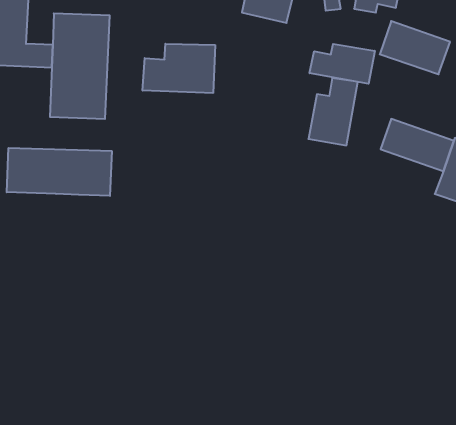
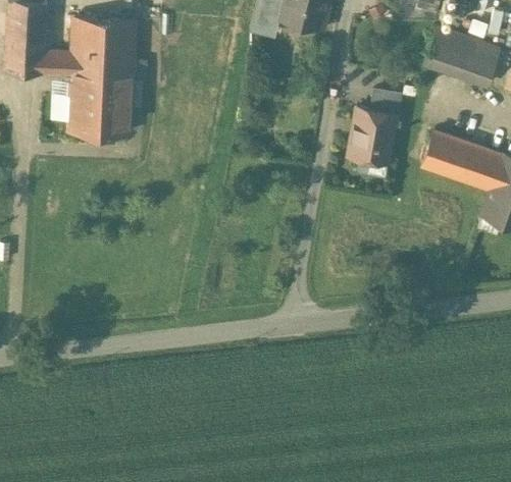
building: [143,44,215,93] -> none
building: [310,44,375,84] -> none
building: [7,148,112,196] -> none

